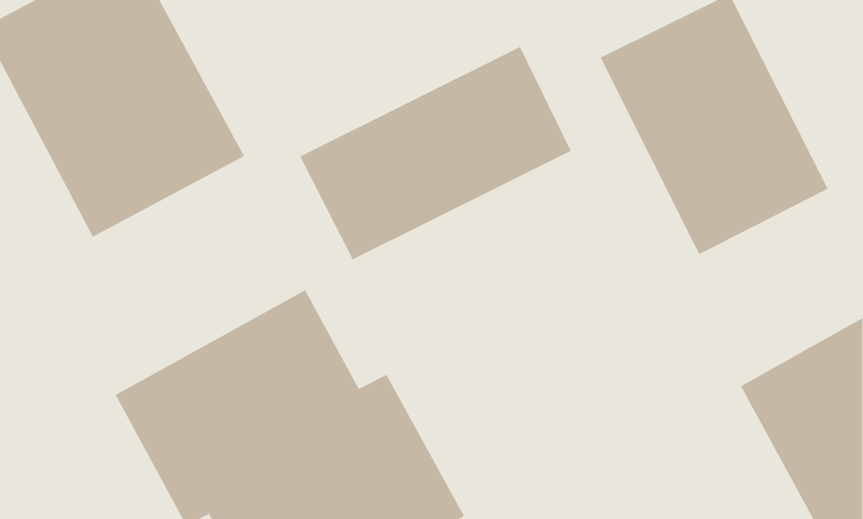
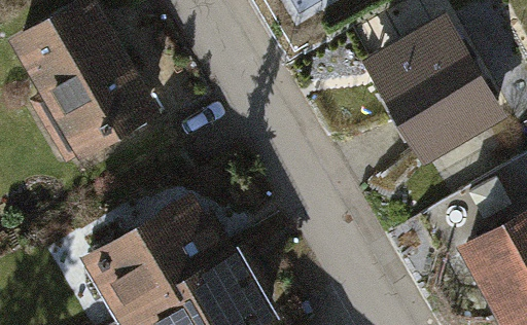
building: [300,46,572,260] -> none

